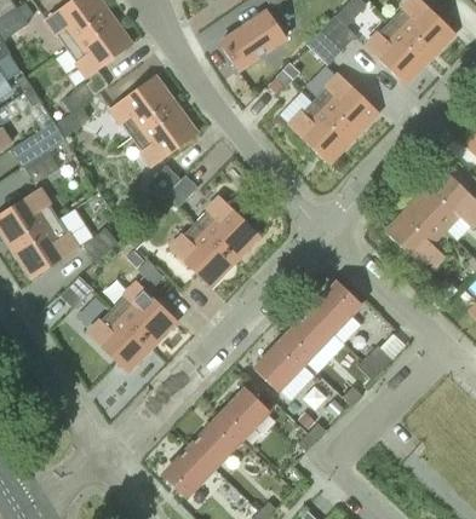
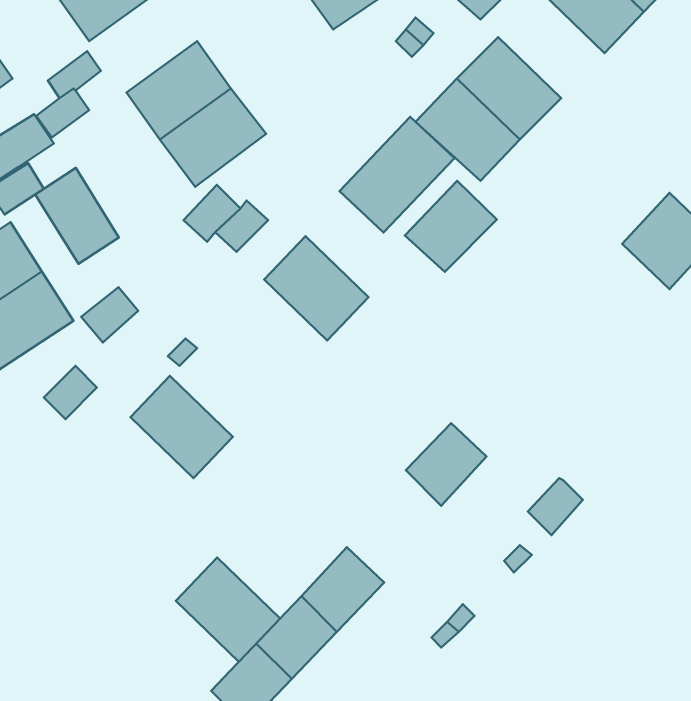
building: none -> [339,117,455,233]
building: none -> [35,168,119,264]
building: none -> [405,181,497,272]
building: [386,201,446,272] -> none
building: [171,223,235,286] -> none
building: [311,281,362,331] -> none
building: [88,307,153,371] -> [176,557,280,662]
building: [256,340,305,391] -> none

